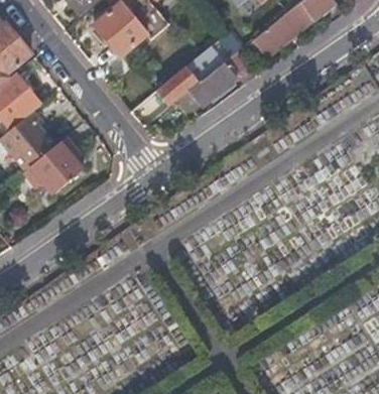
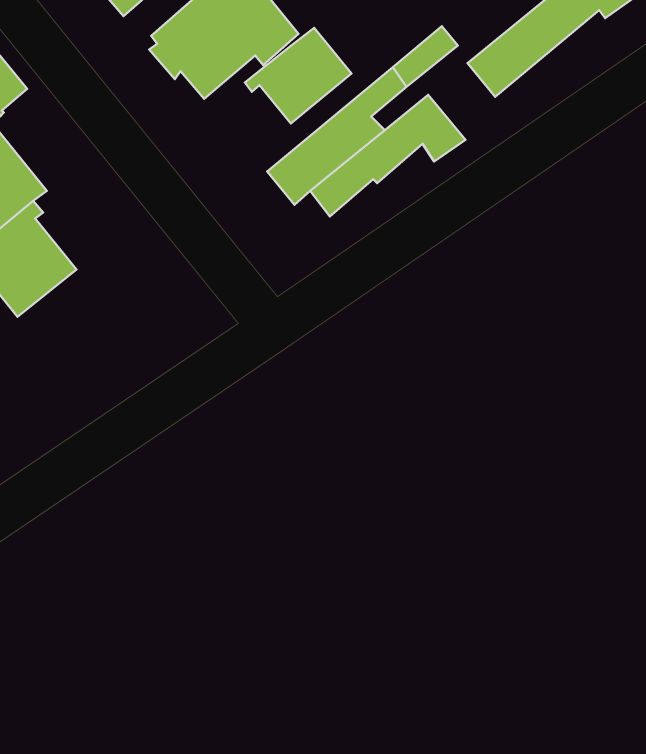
building: none -> [245,28,352,123]
building: [22,136,82,193] -> none

